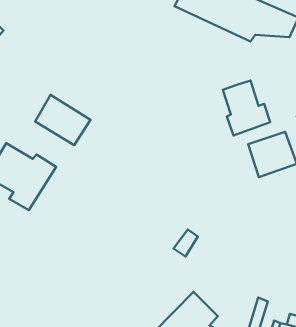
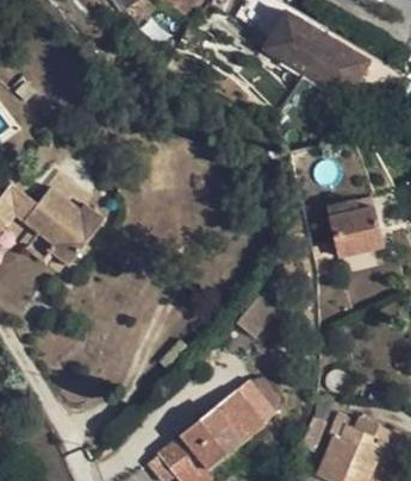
building: [223,80,270,135] -> none
building: [35,95,91,145] -> none

